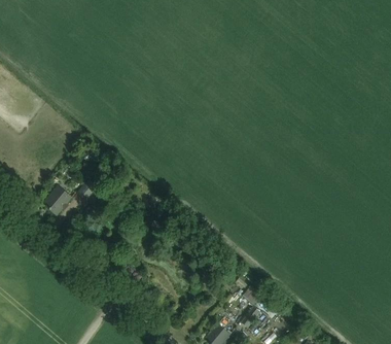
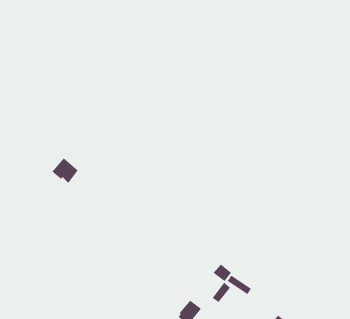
building: [44,185,72,215] -> none

